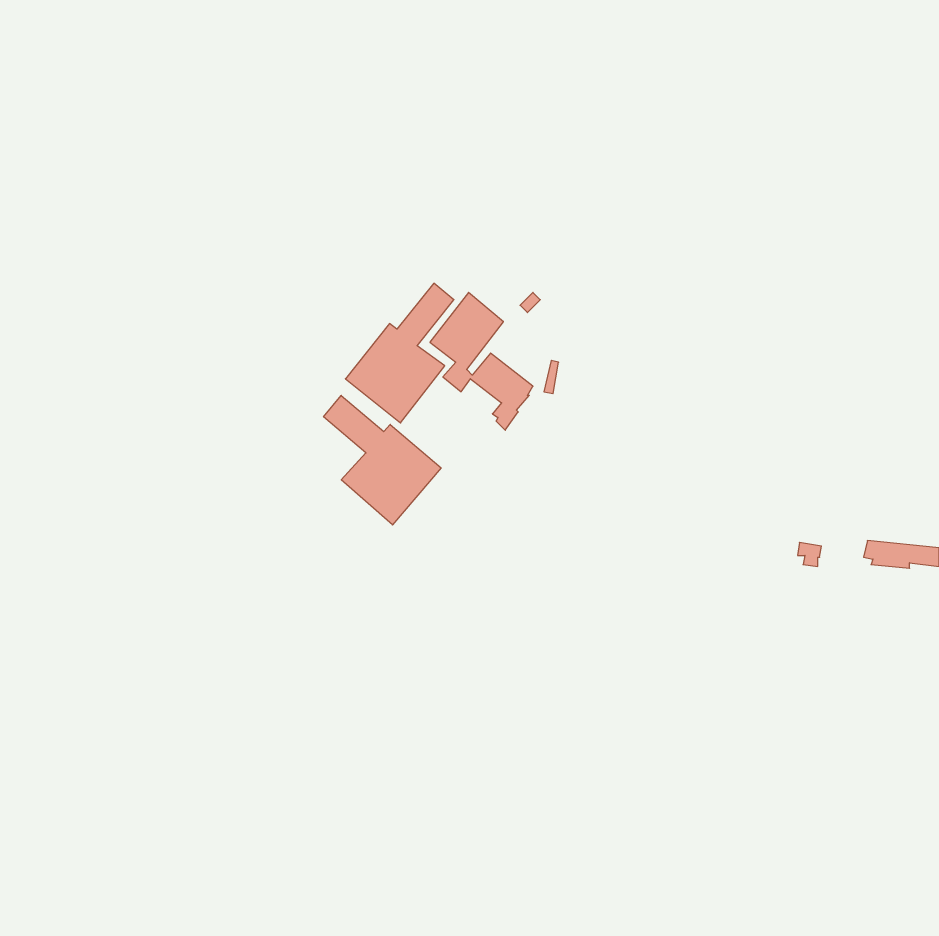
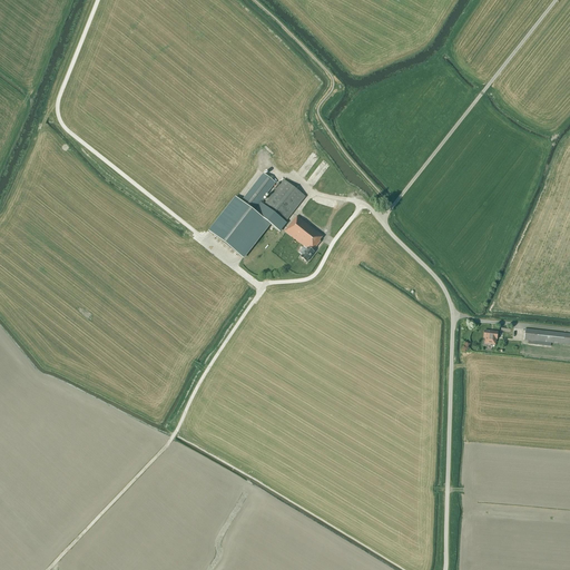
building: [324,395,441,525] -> none

